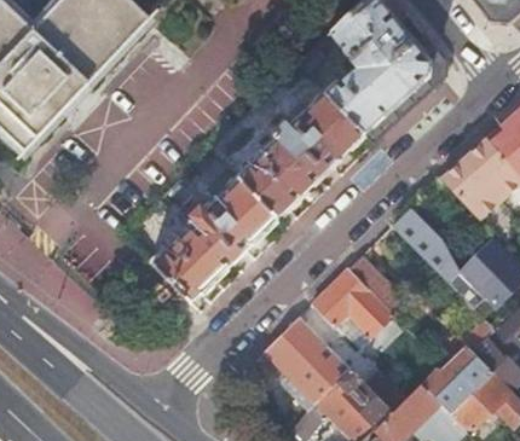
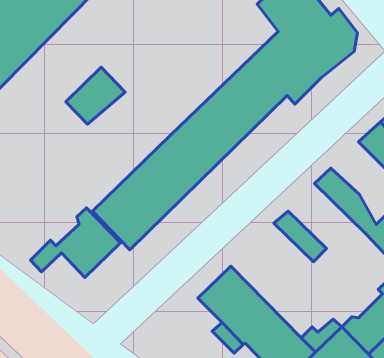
building: none -> [66,67,125,124]
building: none -> [30,208,121,277]
building: [313,269,393,335] -> none

